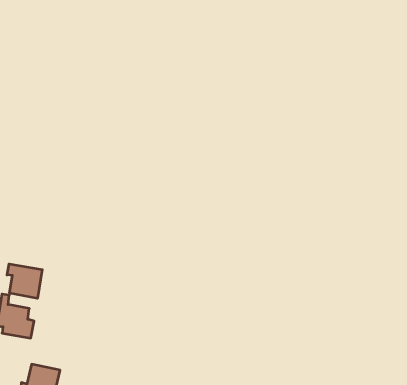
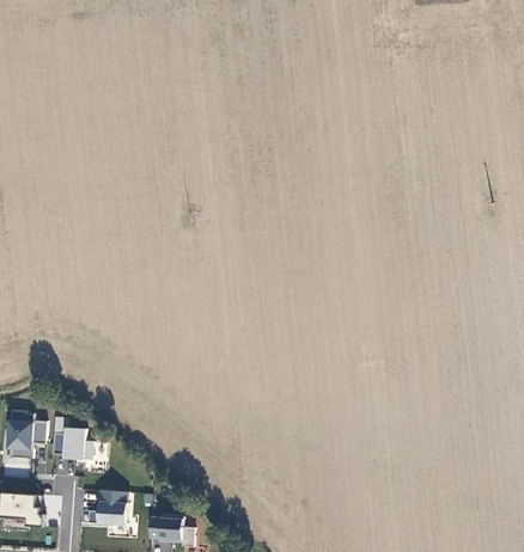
building: [7,264,42,298] -> none

